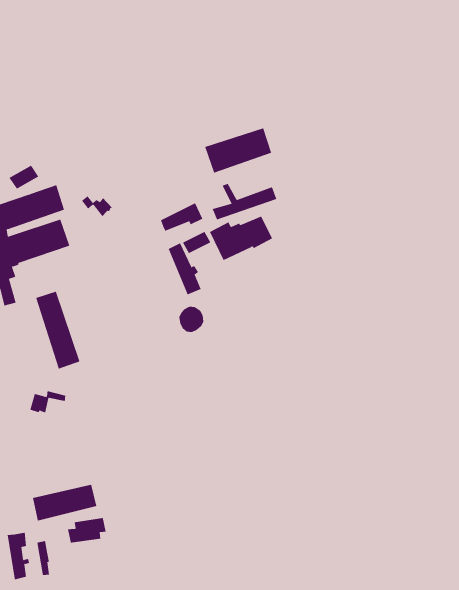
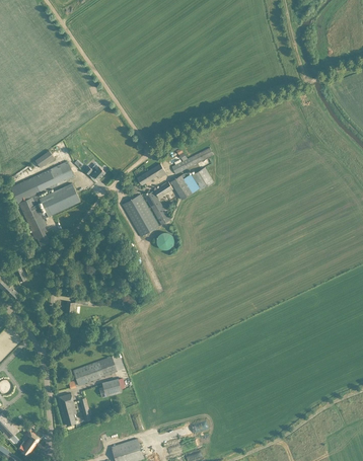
building: [204,128,272,173] -> none
building: none -> [122,194,158,236]
building: [36,291,80,370] -> none

